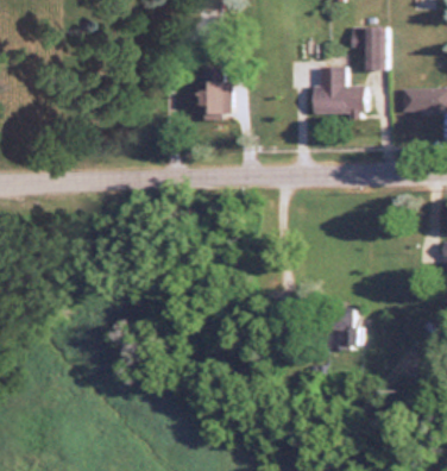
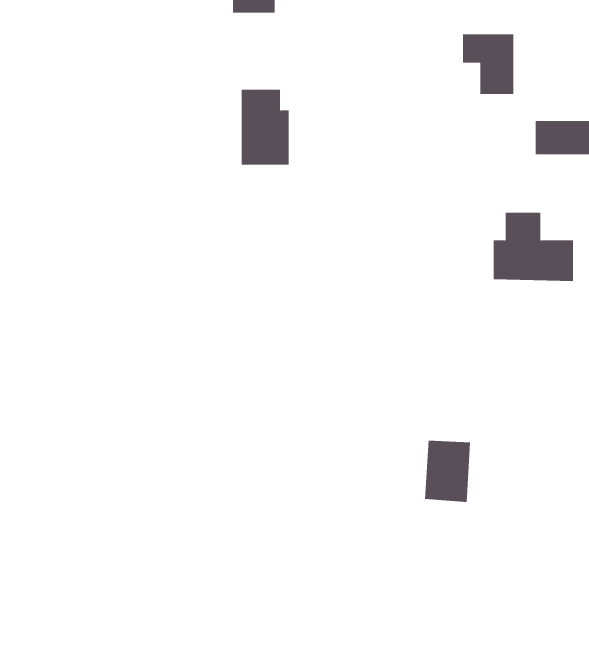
building: [311,68,367,115] -> [493,212,574,281]

